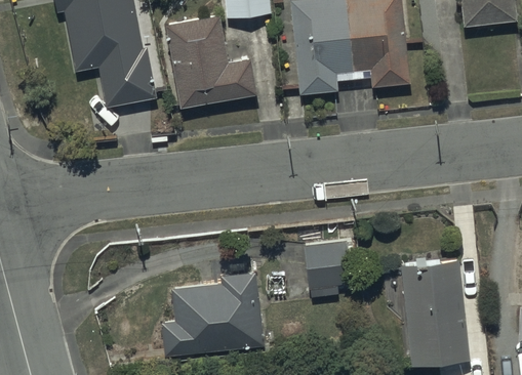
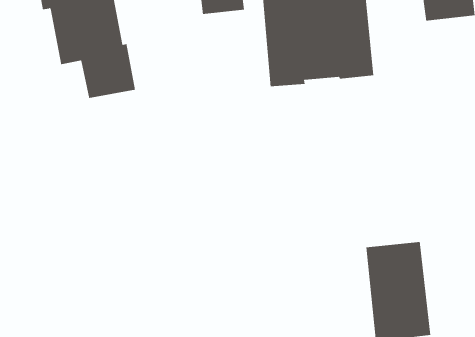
building: [165,16,257,108] -> none
building: [308,242,357,299] -> none
building: [160,272,265,356] -> none

